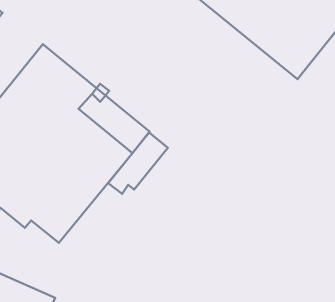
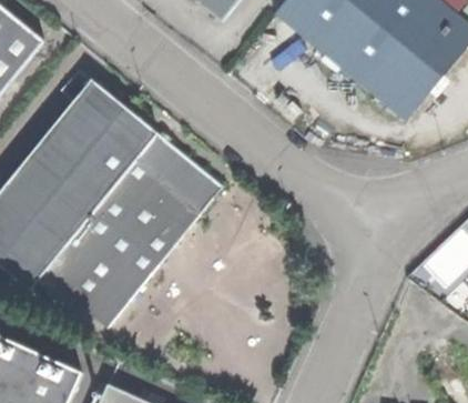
building: [108,132,168,194] -> none

